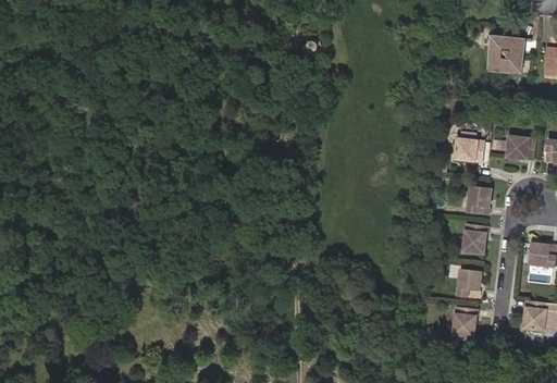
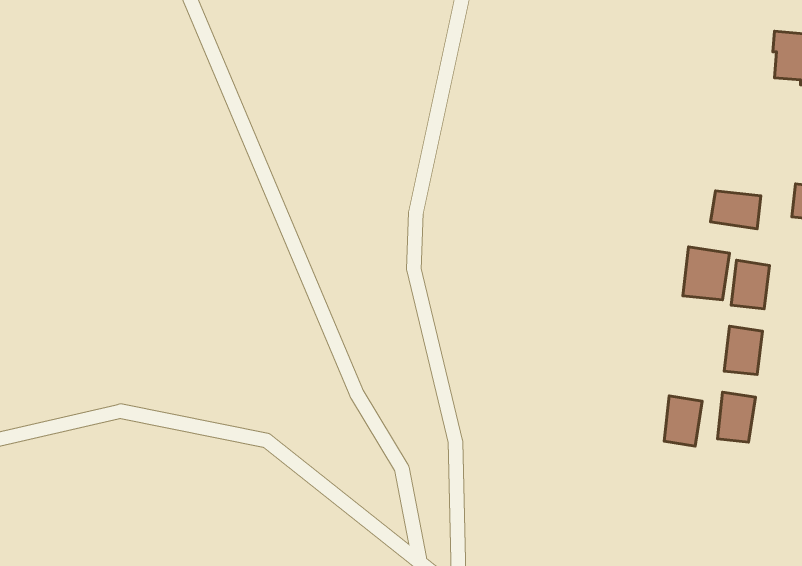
building: none -> [683,247,730,300]
building: [454,305,478,336] -> [664,396,702,446]

